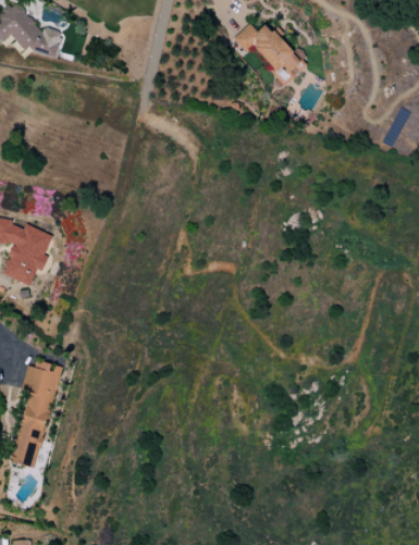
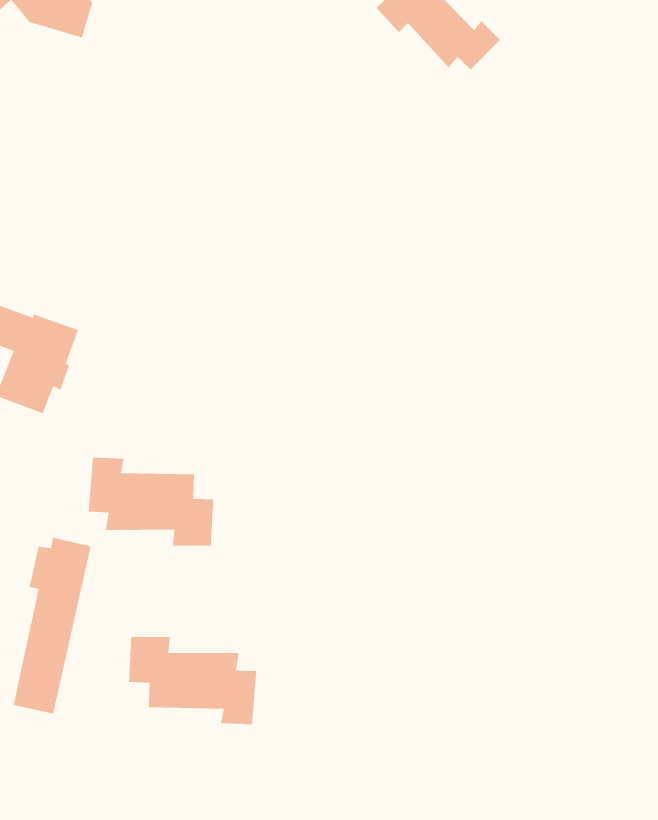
building: none -> [88,457,214,547]
building: none -> [129,636,257,725]

